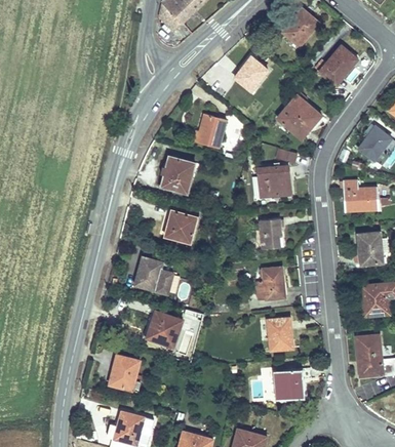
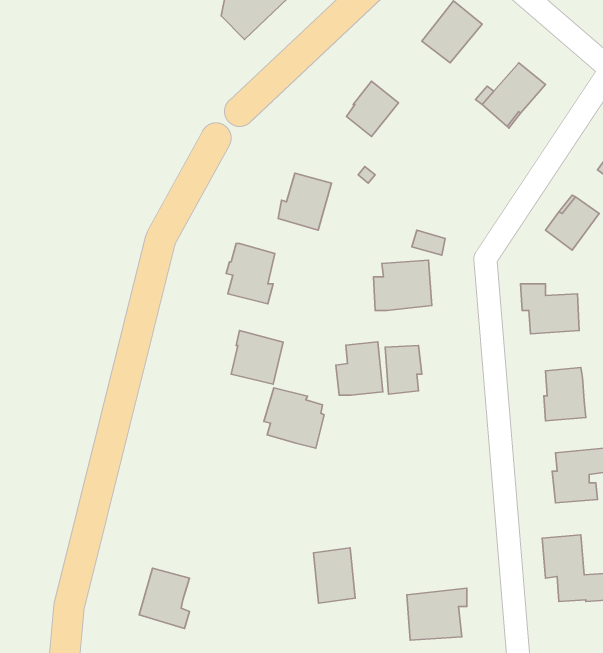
building: [277,94,321,138] -> none
building: [136,256,173,293] -> [264,388,324,448]
building: [256,267,285,299] -> [336,342,383,395]
building: [147,310,183,347] -> none
building: [268,317,293,351] -> [313,548,355,603]

